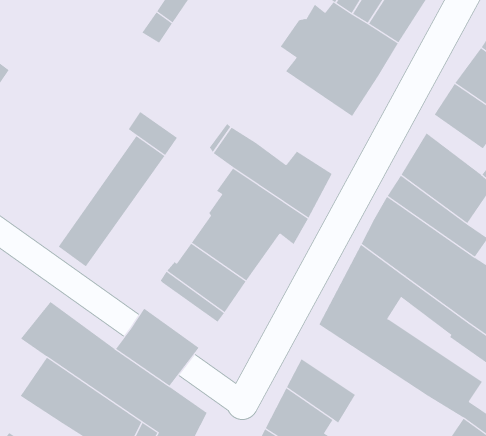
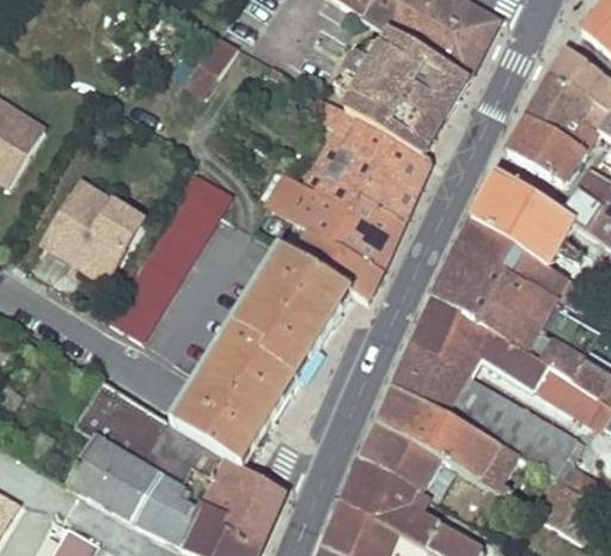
building: none -> [316,102,427,221]
building: none -> [45,182,142,283]
building: none -> [204,352,286,420]
building: none -> [379,386,519,491]

